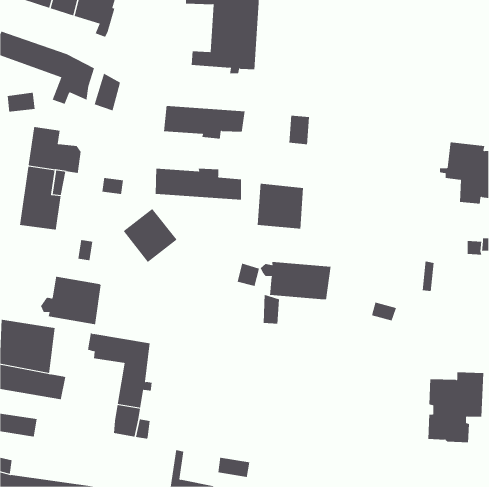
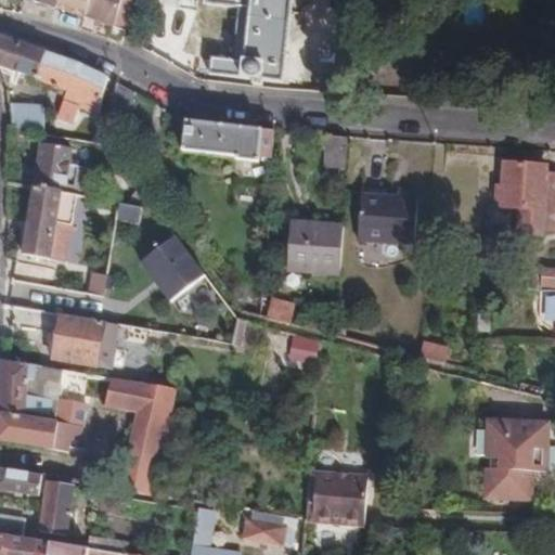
building: none -> [359,188,420,242]
building: [155,168,242,201] -> none
building: [260,261,331,300] -> none
building: none -> [305,473,366,524]
building: none -> [38,478,82,537]

